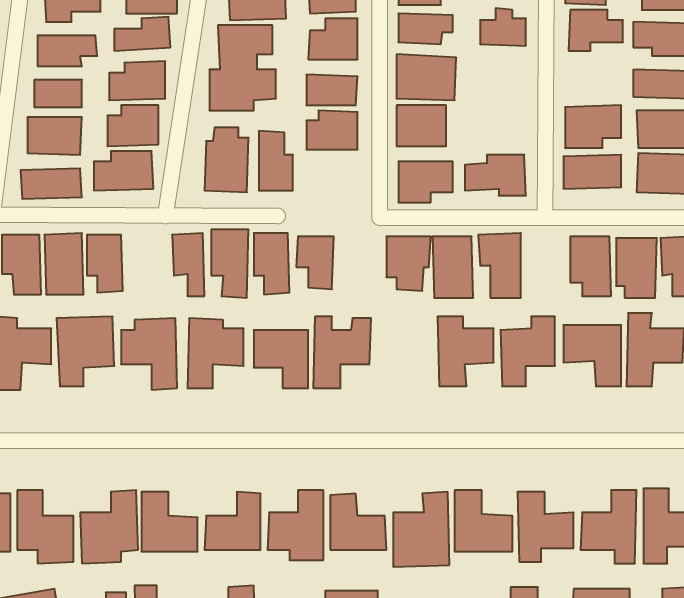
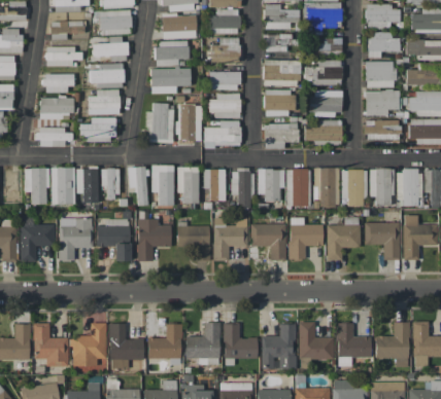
building: none -> [304,60,342,85]
building: none -> [366,61,396,87]
building: none -> [310,89,342,115]
building: none -> [204,120,240,146]
building: none -> [101,168,118,198]
building: none -> [232,170,252,208]
building: none -> [341,170,366,206]
building: none -> [250,223,285,260]

